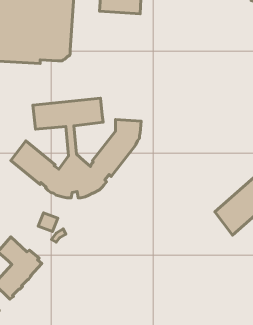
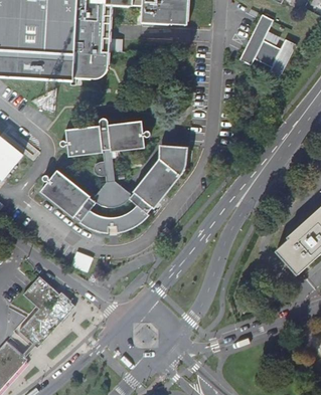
building: none -> [239,15,295,75]

